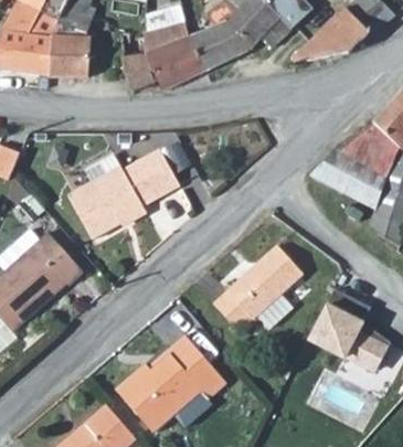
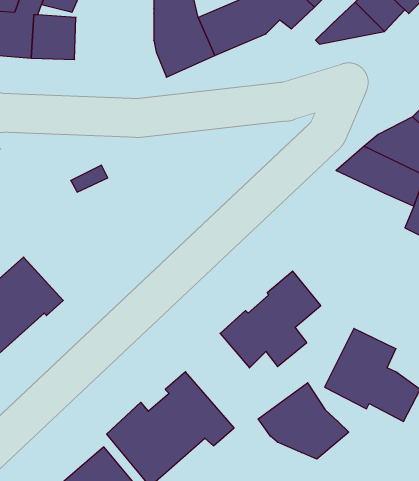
building: [127,29,167,86] -> none
building: [68,158,179,245] -> none
building: none -> [258,383,349,459]

